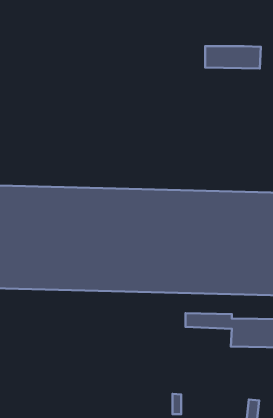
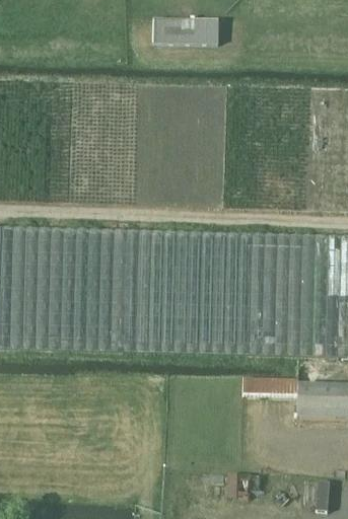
building: [205,46,261,68] -> [152,18,218,45]

